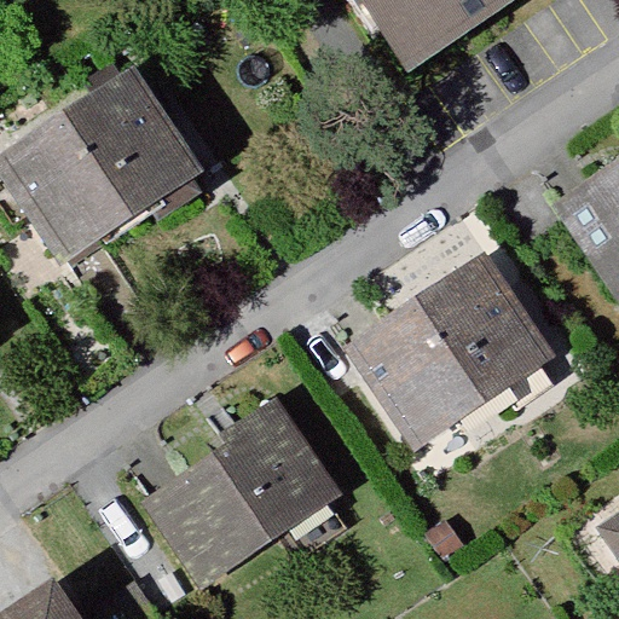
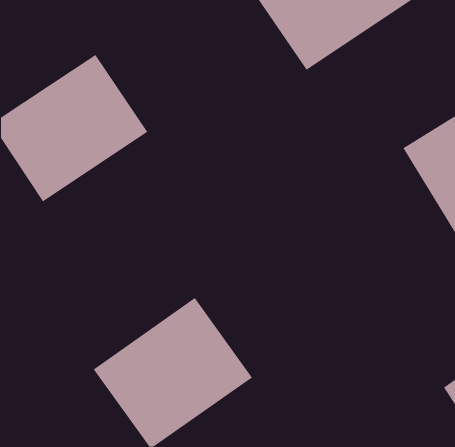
building: [346,248,565,457] -> none

